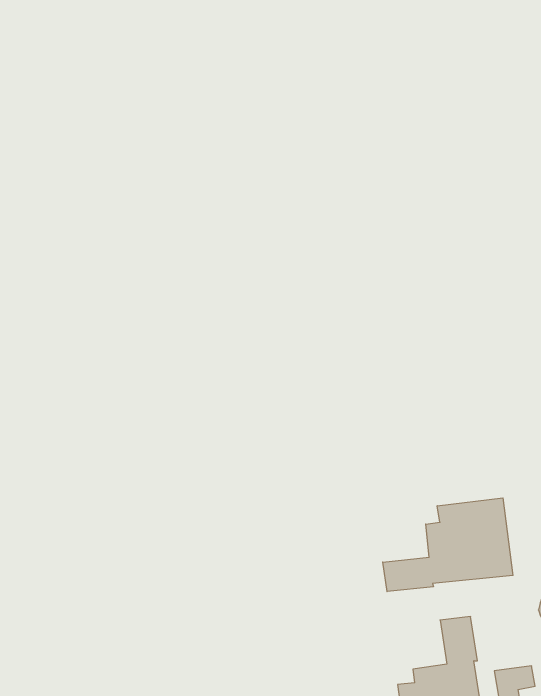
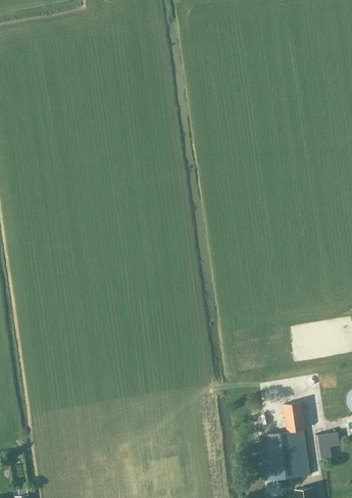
building: [383,498,513,592] -> none

